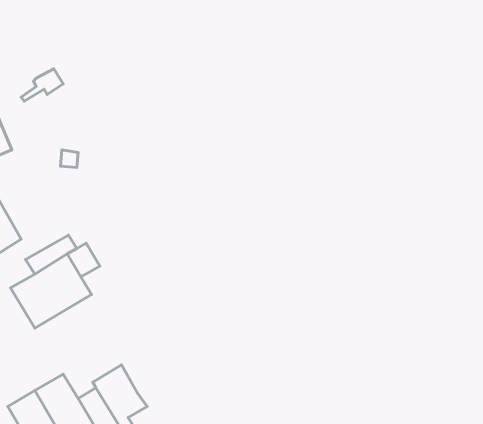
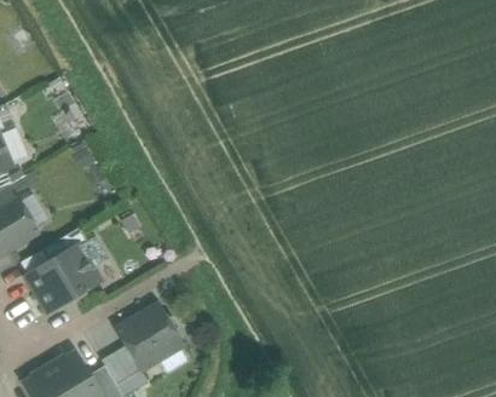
building: none -> [116,301,181,368]

